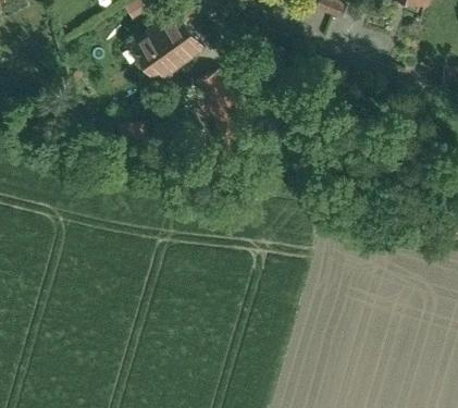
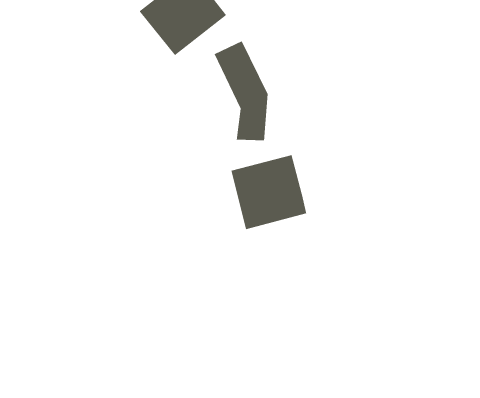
building: none -> [231,154,307,230]

